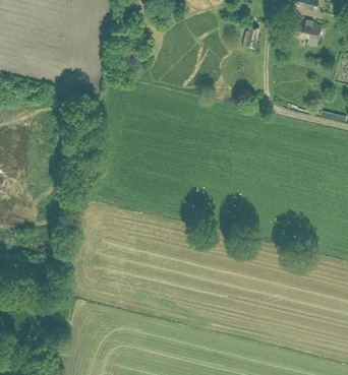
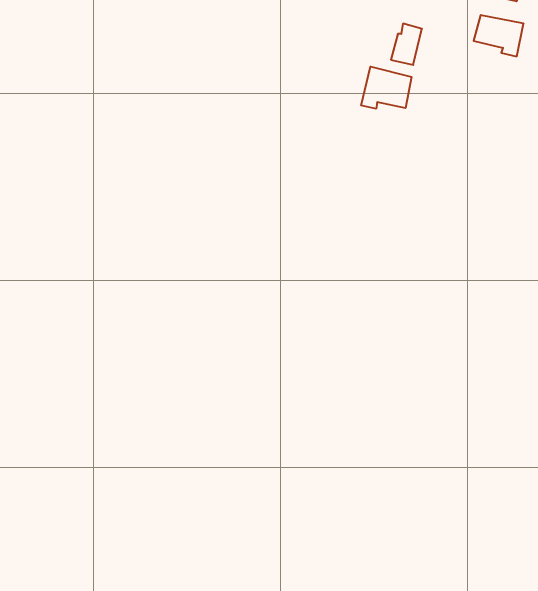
building: none -> [361,67,412,109]

